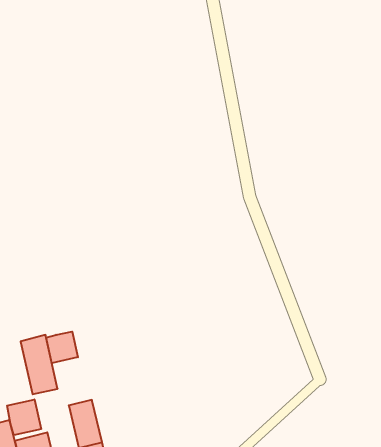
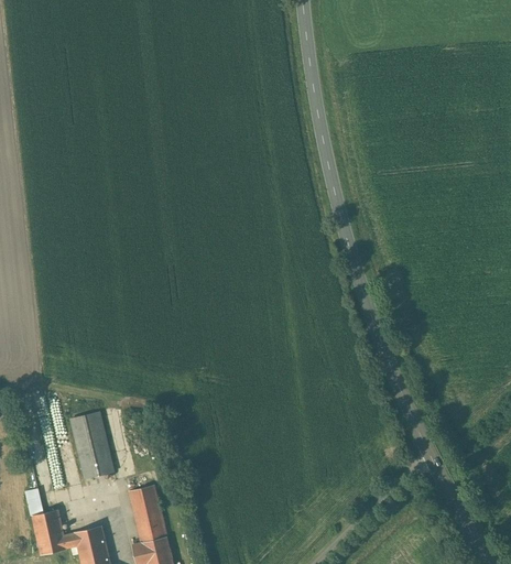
building: [46,332,78,363] -> none
building: [7,399,41,435] -> none

